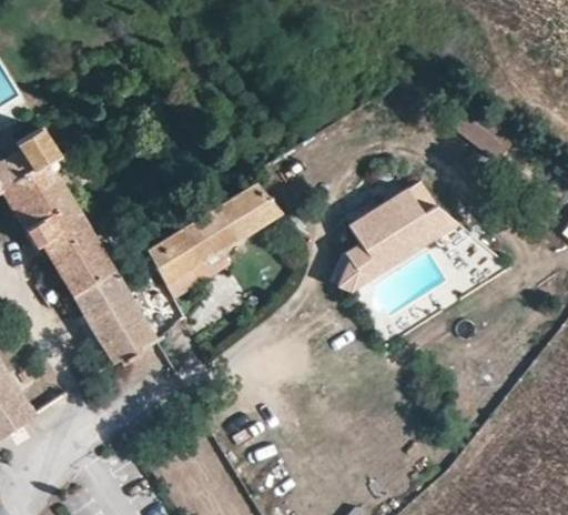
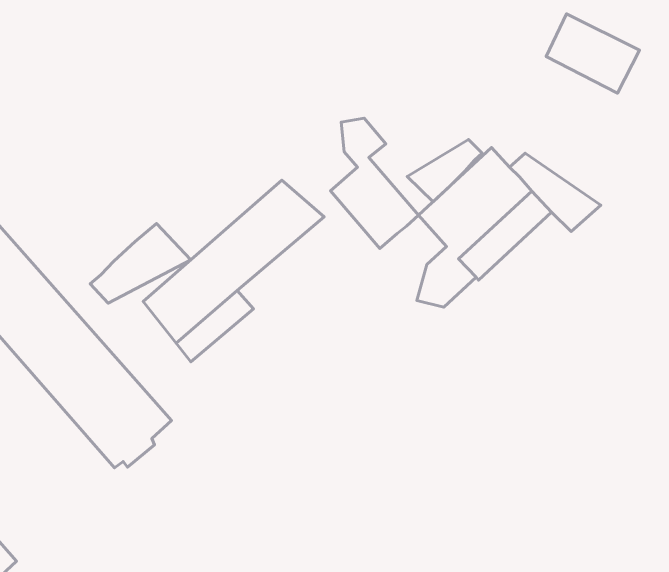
building: none -> [330,118,418,249]
building: none -> [407,140,482,202]
building: none -> [90,224,191,303]

